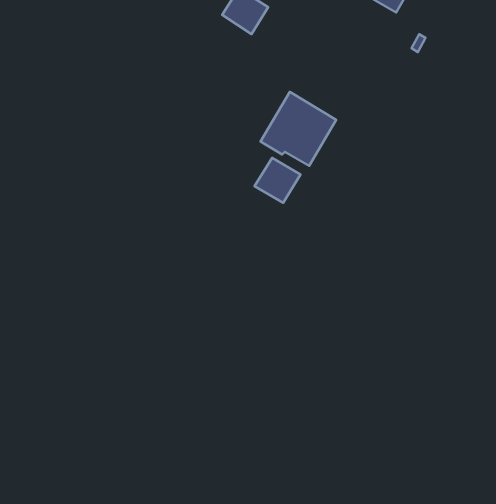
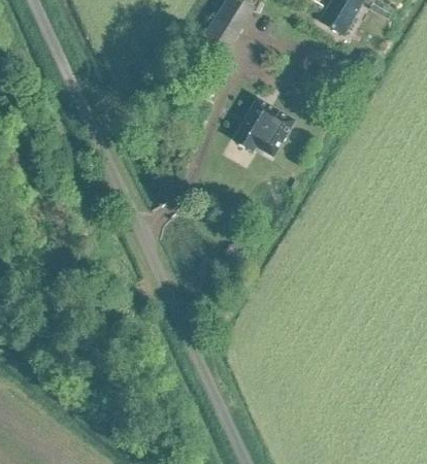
building: [255,158,301,203] -> none

